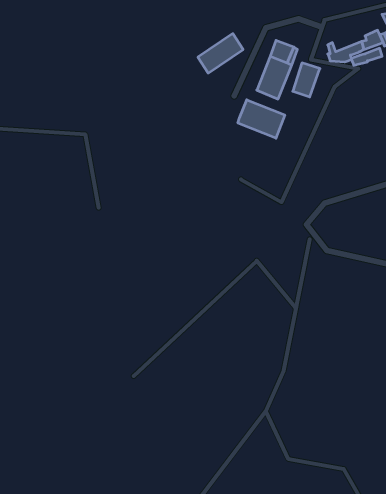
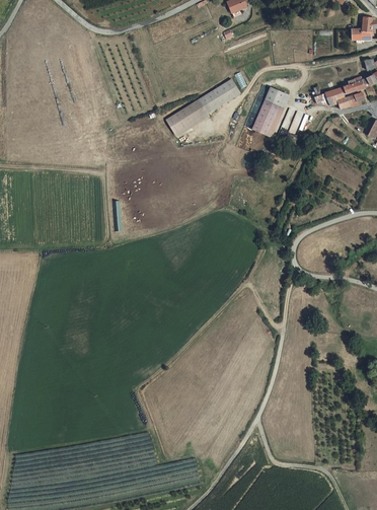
building: none -> [168,99,209,135]
building: [238,100,285,138] -> none

